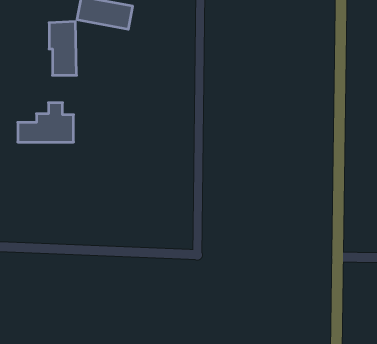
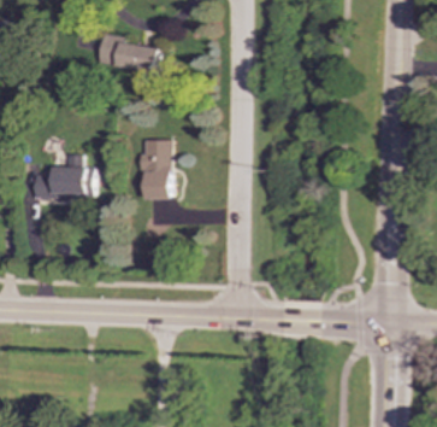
building: [49,22,77,75] -> [142,140,172,199]

